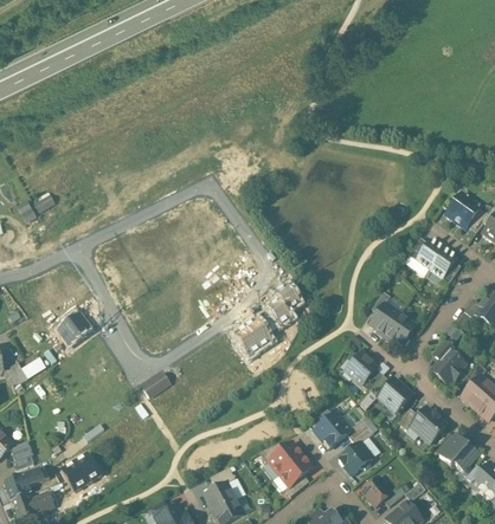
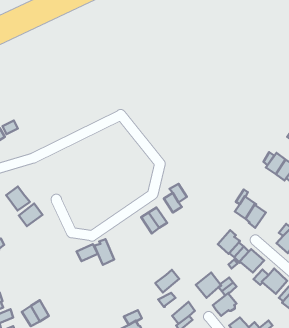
building: none -> [6,186,30,211]
building: none -> [95,239,114,265]
building: [269,441,303,474] -> [156,270,179,293]

